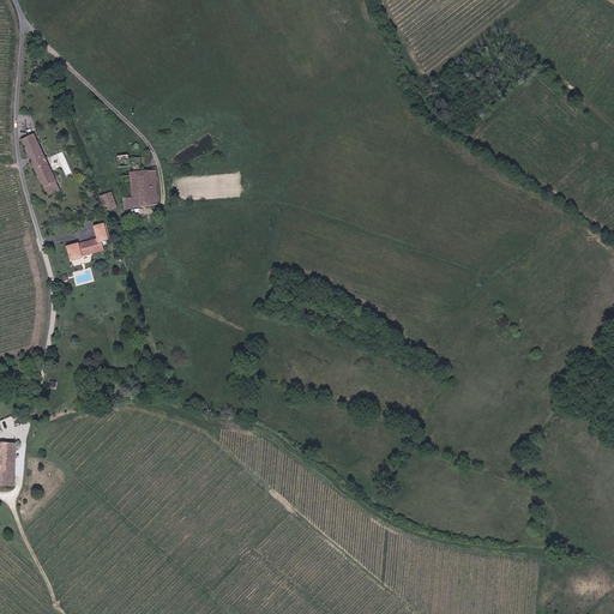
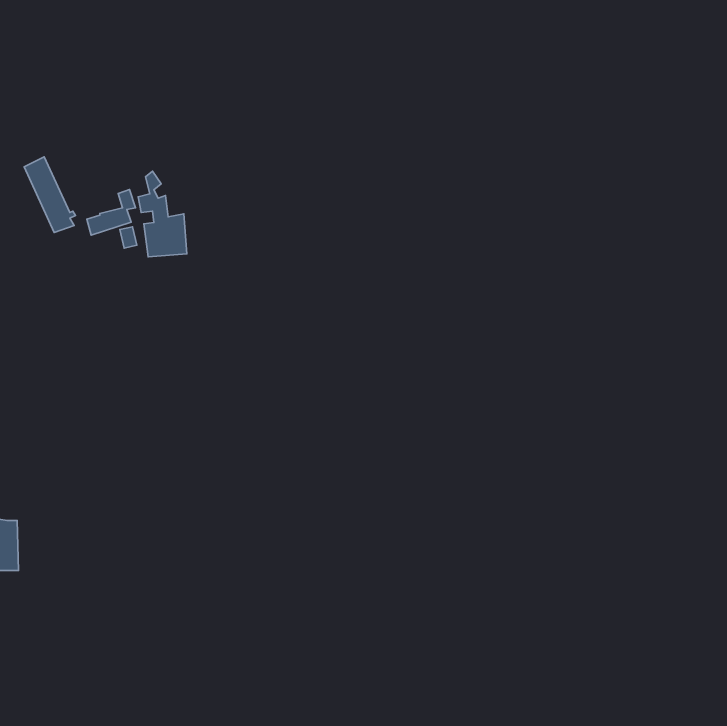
building: [65,221,106,259] -> [87,189,135,235]

